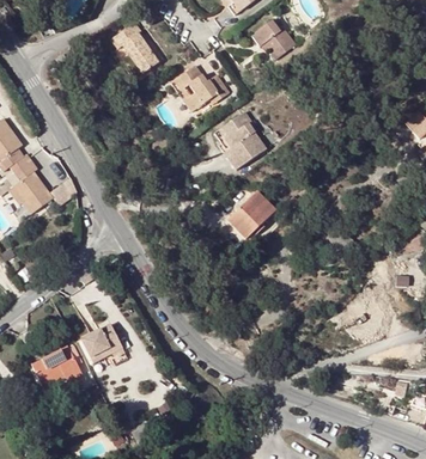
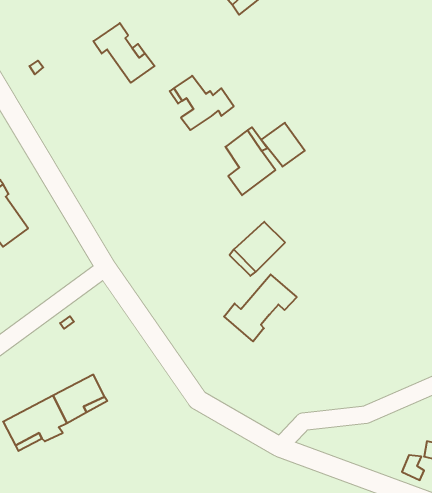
building: [251,18,296,59] -> none
building: none -> [261,123,305,167]
building: none -> [224,274,297,341]

